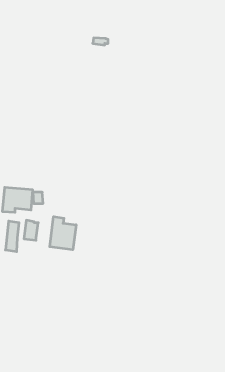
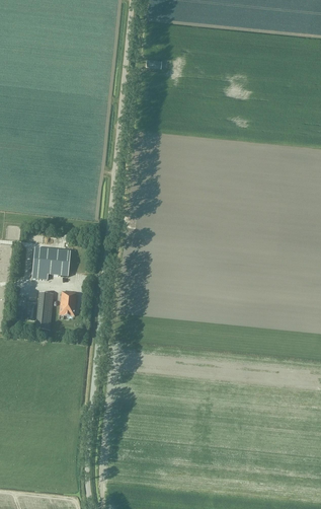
building: [50,217,76,250] -> none

